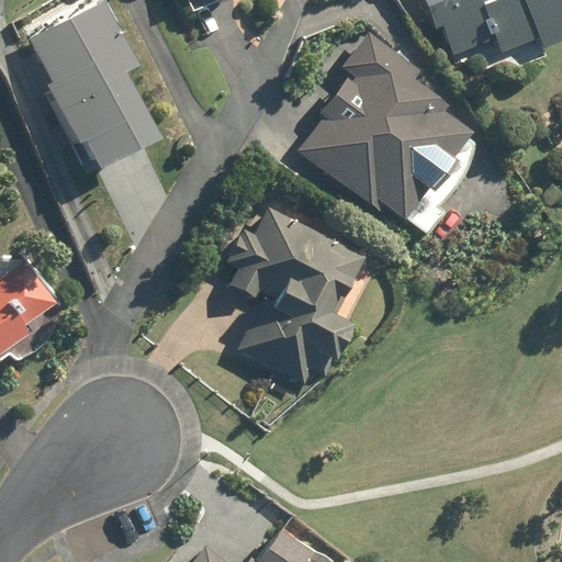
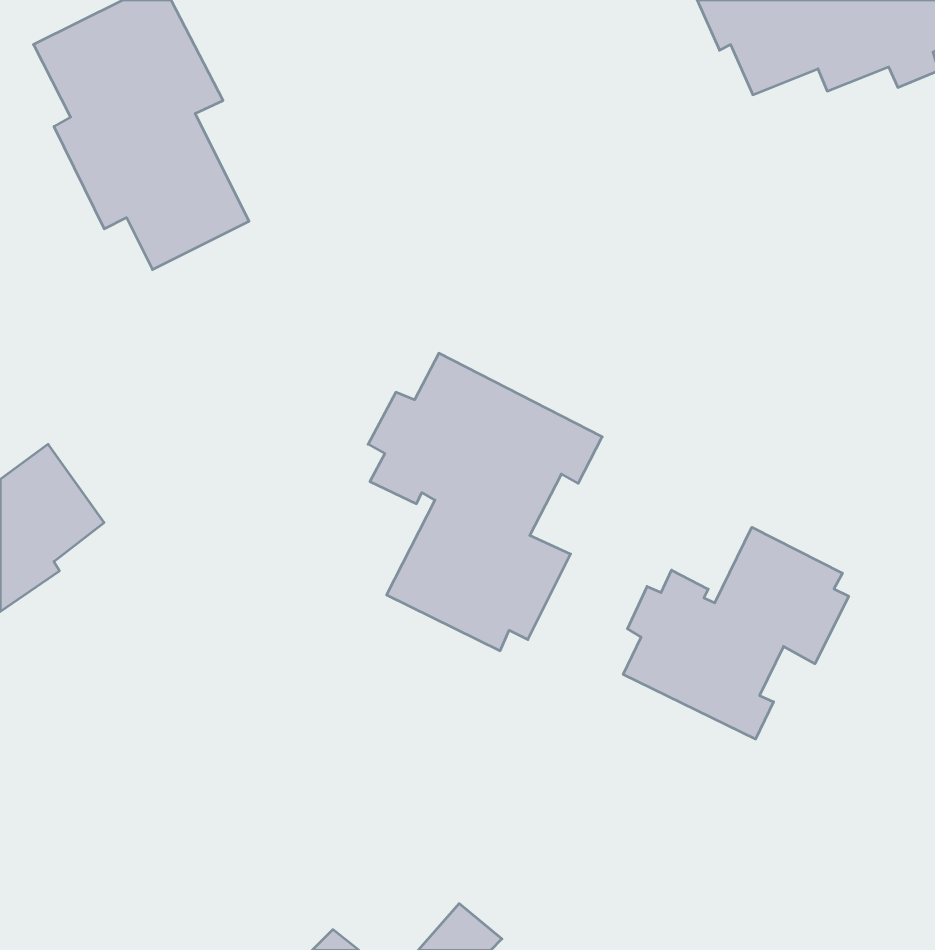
building: [296,35,461,222] -> none
building: none -> [623,527,849,739]

